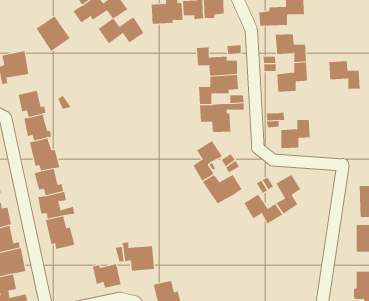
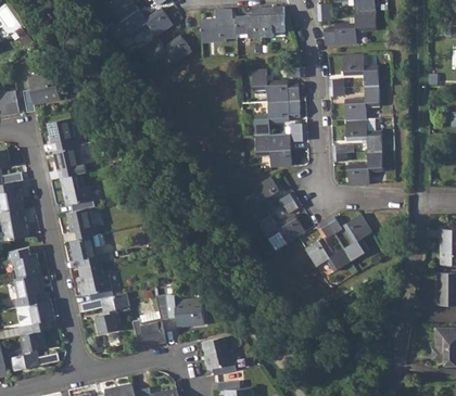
building: [36,16,70,52] -> none
building: [328,61,361,89] -> [345,119,382,152]
building: none -> [81,293,129,334]

